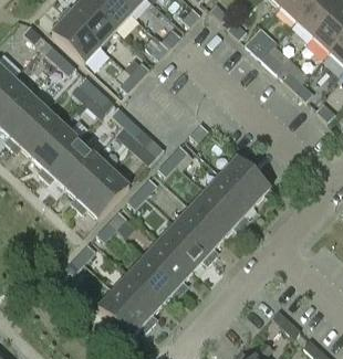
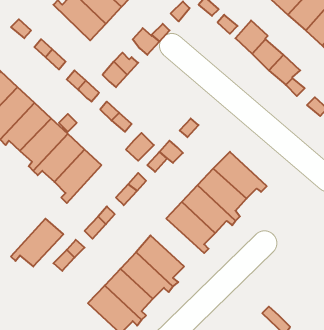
building: [52,11,101,64] -> none
building: [77,170,129,218] -> [11,219,63,267]
building: [160,223,214,271] -> none

